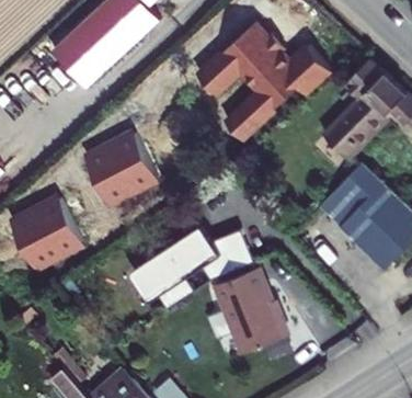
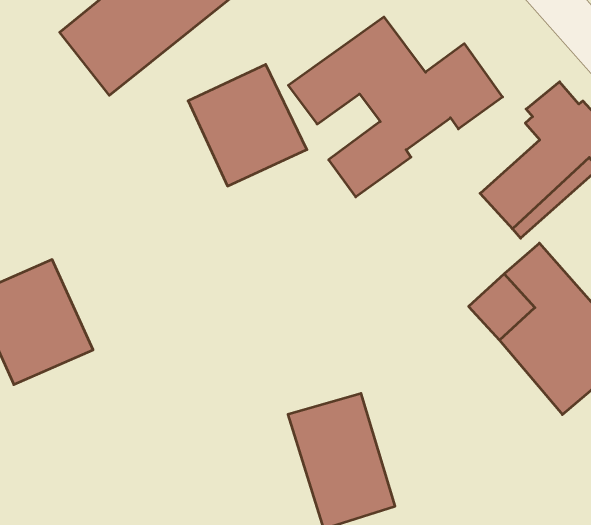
building: [84,129,161,207] -> [188,64,307,186]
building: [122,227,245,314] -> none

